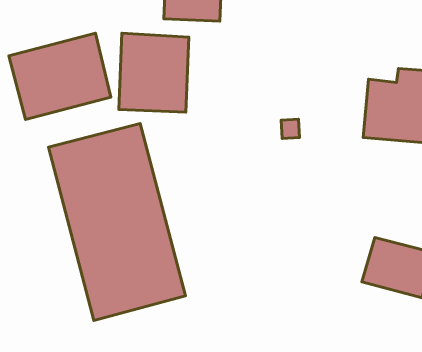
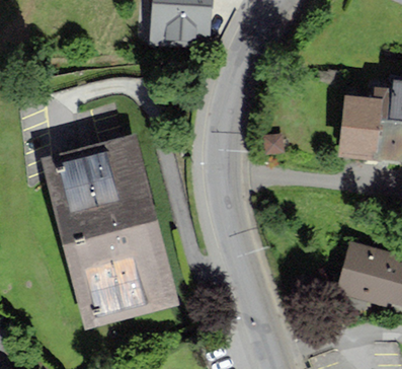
building: [9,33,111,120] -> none
building: [119,33,189,112] -> none

